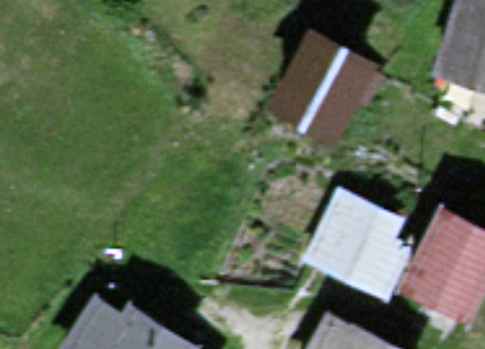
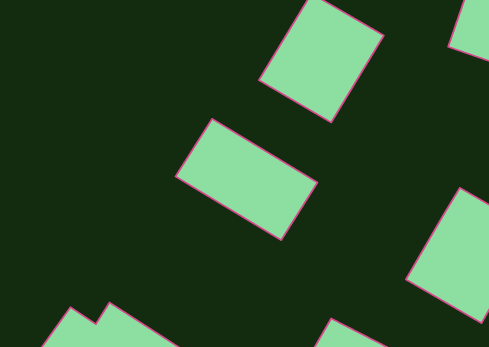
building: none -> [176,119,318,240]
building: [303,184,428,306] -> none

